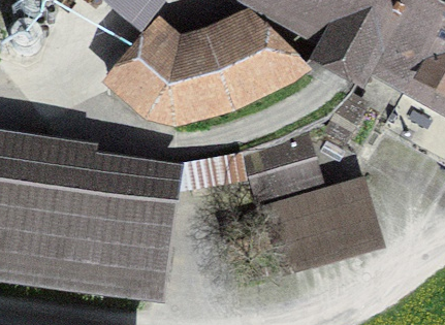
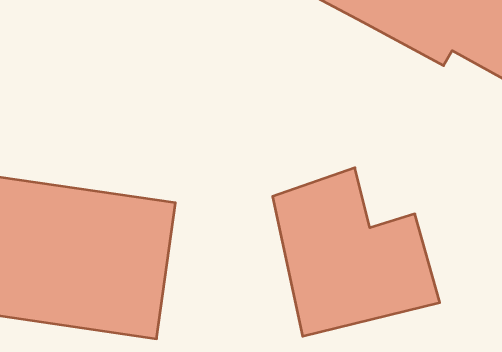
building: [114,33,296,122] -> none

